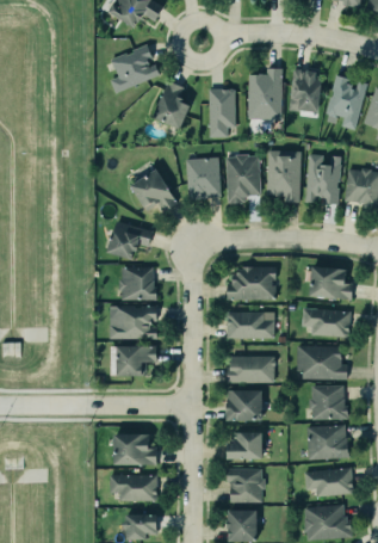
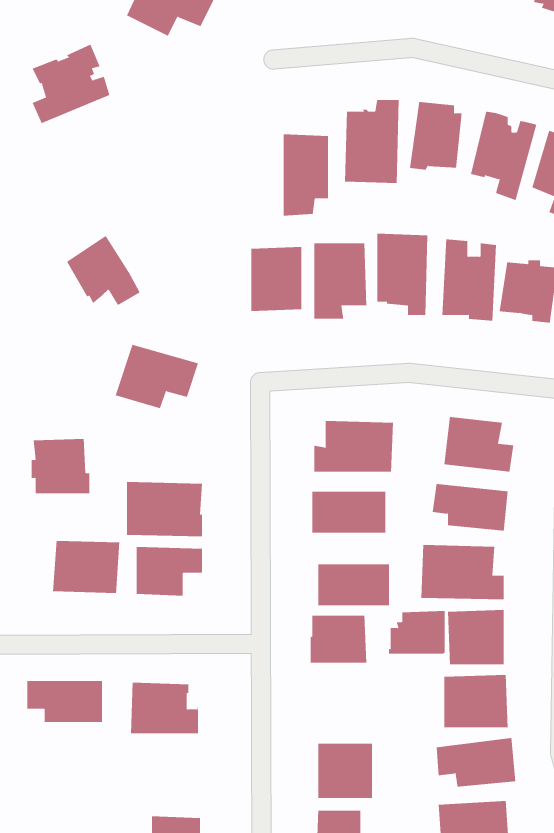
building: [109,43,157,93] -> [32,44,110,124]
building: [150,80,188,128] -> none
building: [129,167,175,211] -> [66,235,141,306]
building: [118,265,155,300] -> [31,438,90,494]
building: none -> [53,540,120,594]
building: [224,431,260,458] -> [388,610,445,654]
building: [109,474,156,500] -> [27,681,103,723]

